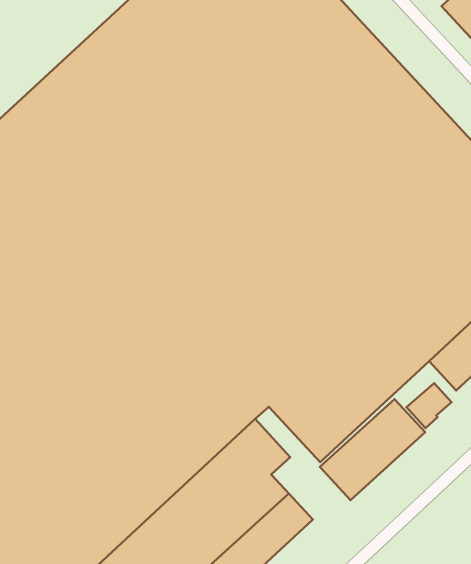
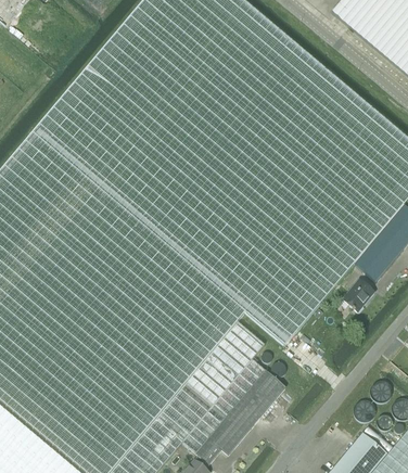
building: [320,399,425,500] -> none

